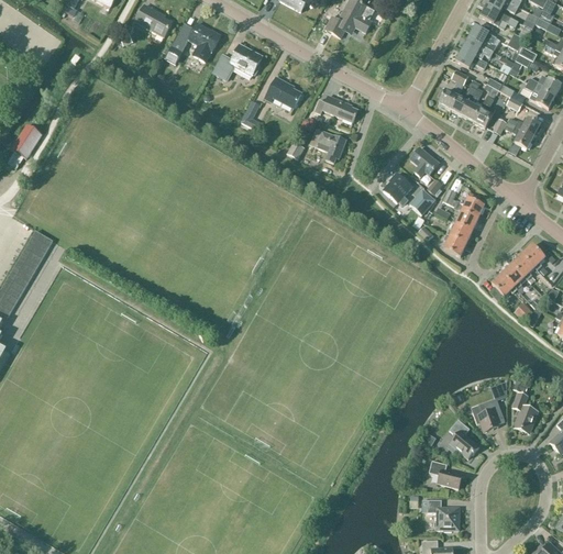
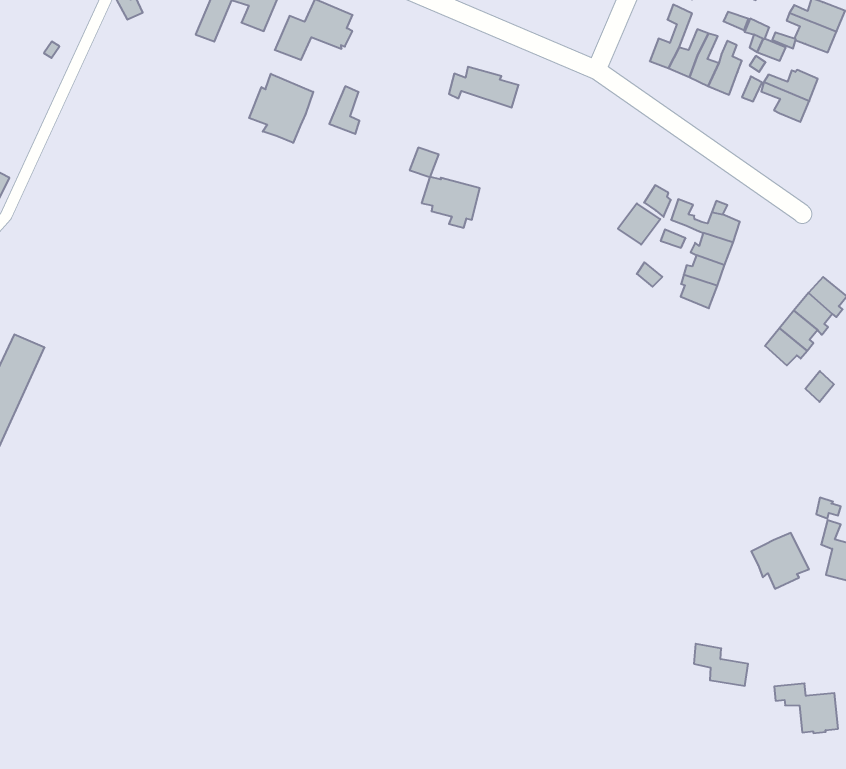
building: [264,76,301,107] -> none
building: none -> [249,74,313,143]
building: [309,129,345,162] -> [422,177,480,228]
building: [409,146,439,176] -> none
building: [383,173,411,206] -> none
building: [449,419,478,457] -> none
building: [422,499,459,530] -> [774,683,838,733]

